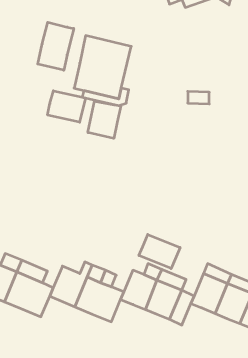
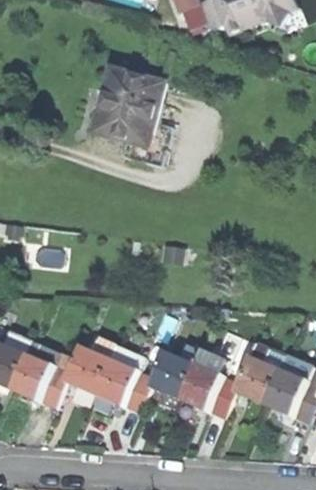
building: [38,22,74,70] -> none
building: [48,91,85,122] -> none
building: [88,101,121,138] -> none
building: [139,234,180,269] -> none

